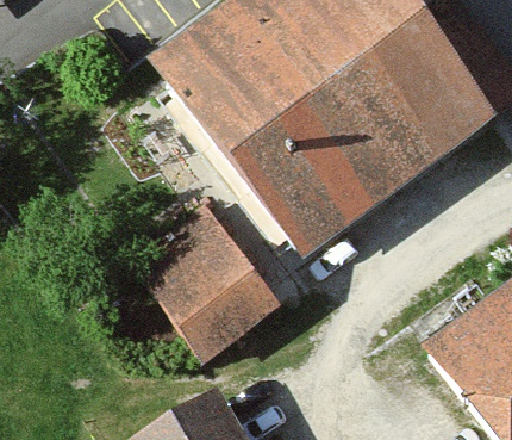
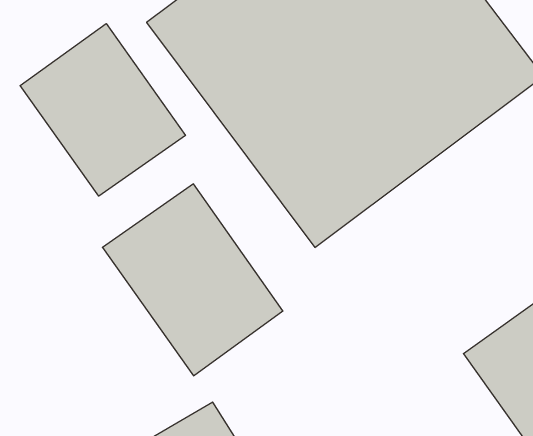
building: none -> [20,24,185,196]

